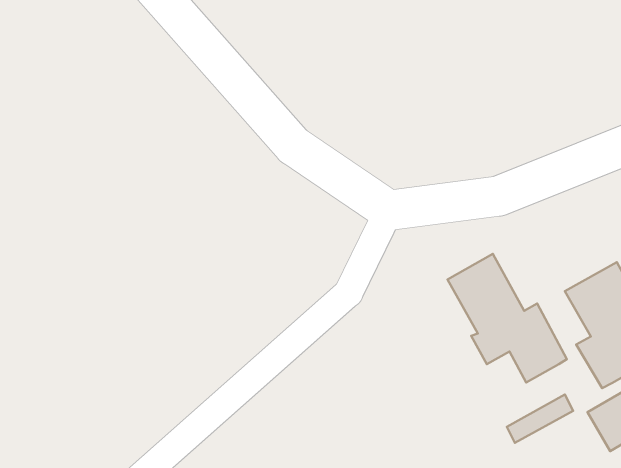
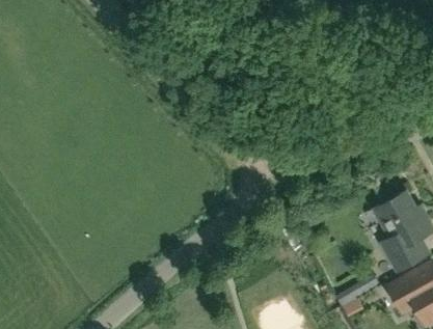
building: [448,254,567,383] -> none

